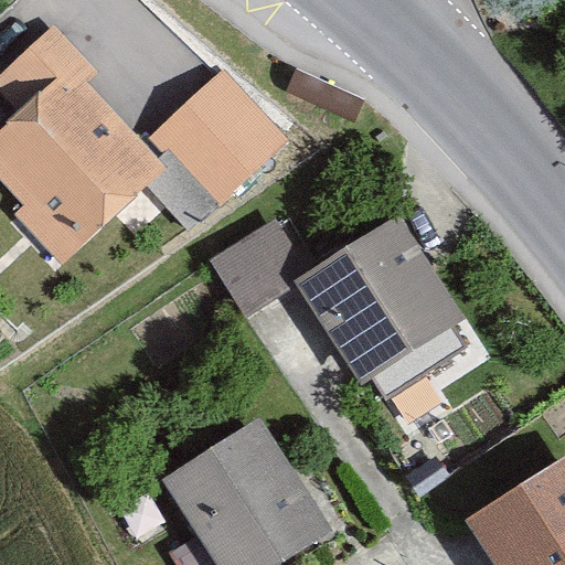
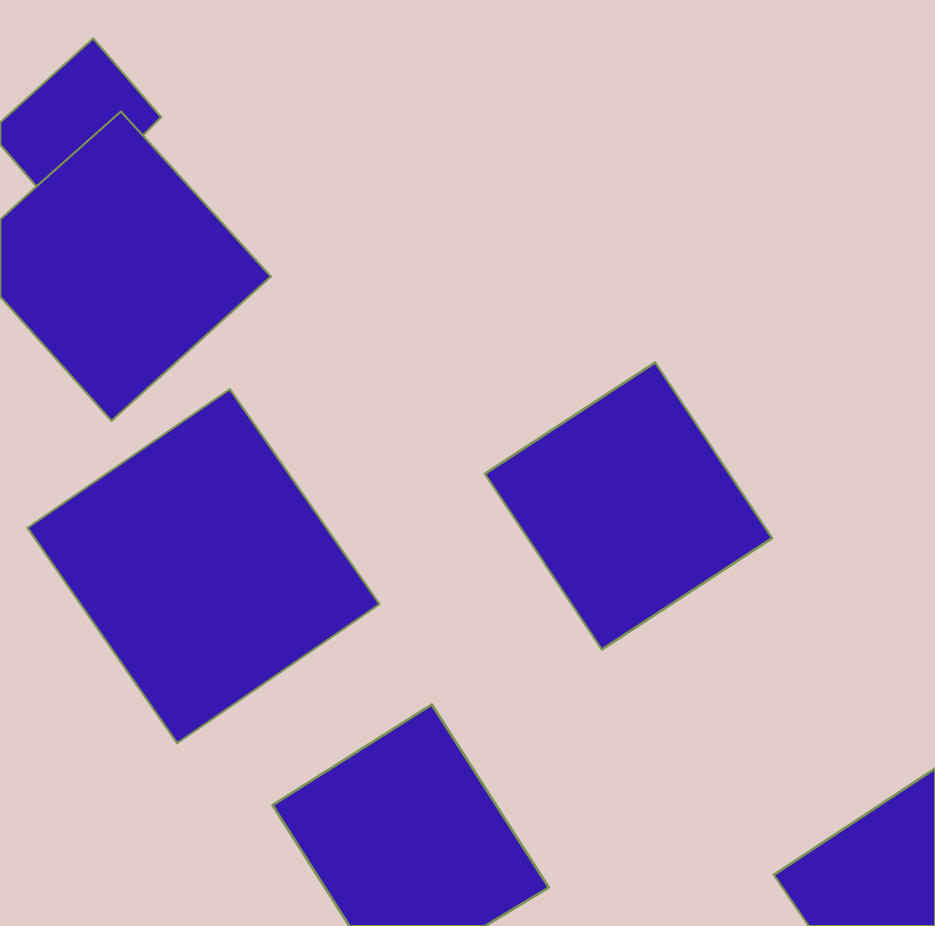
building: [152,64,290,202] -> none
building: [213,217,310,315] -> none
building: none -> [27,389,379,743]

